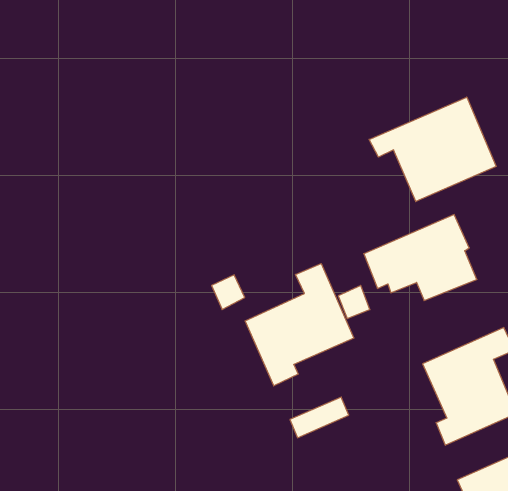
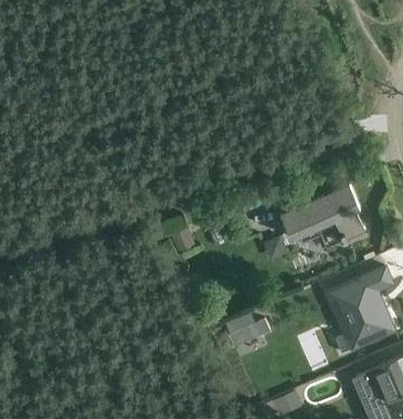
building: [369,97,496,202] -> none
building: [245,264,354,386] -> none

